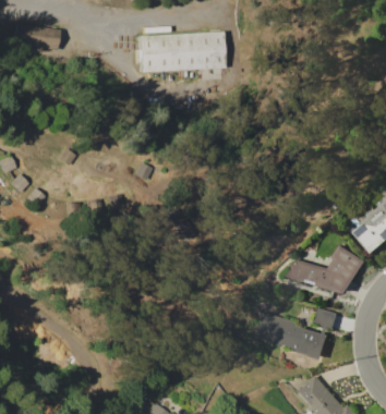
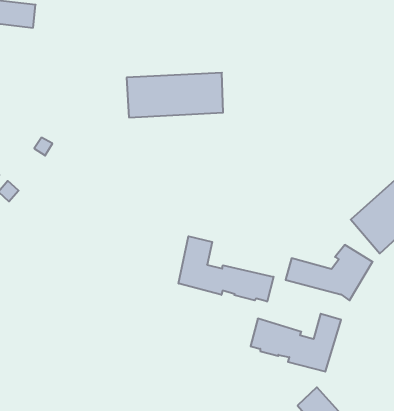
building: [138,33,226,73] -> [127,73,223,117]
building: none -> [179,236,274,302]

